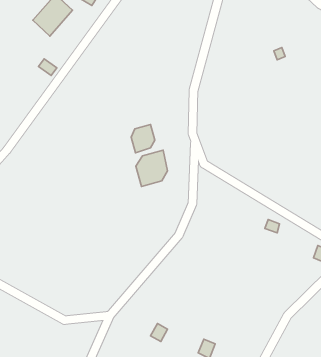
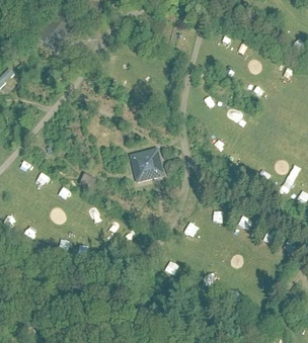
building: [131,124,155,153] -> none

